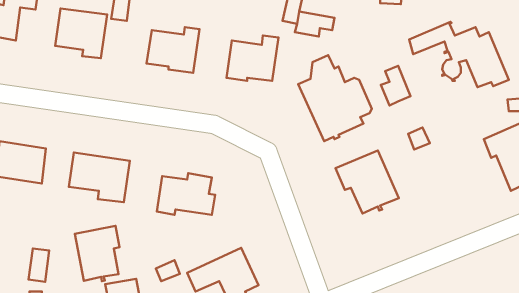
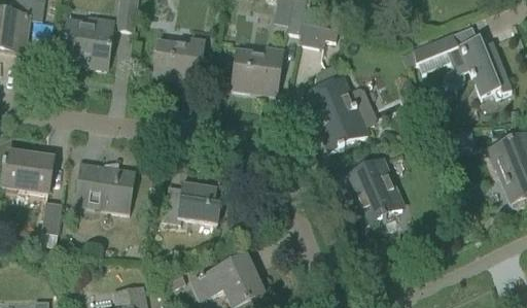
building: [381,66,411,105] -> none
building: [75,226,120,281] -> none
building: [29,249,49,282] -> [41,200,62,233]

